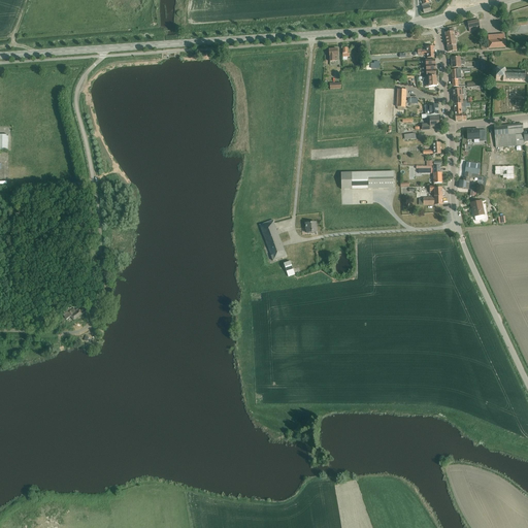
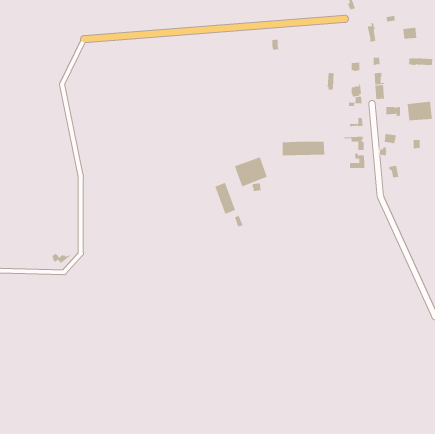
building: none -> [234,157,268,187]

